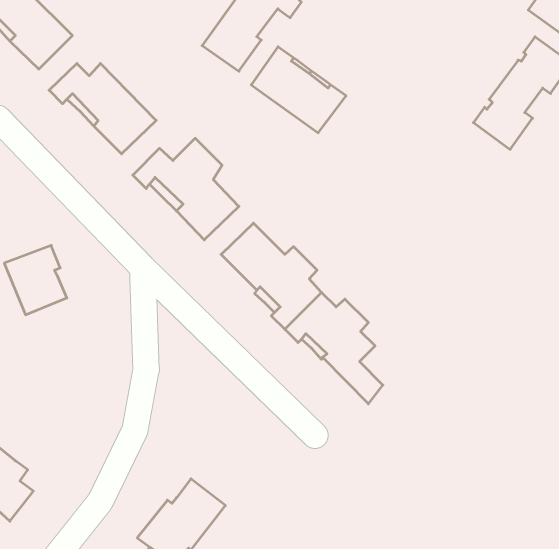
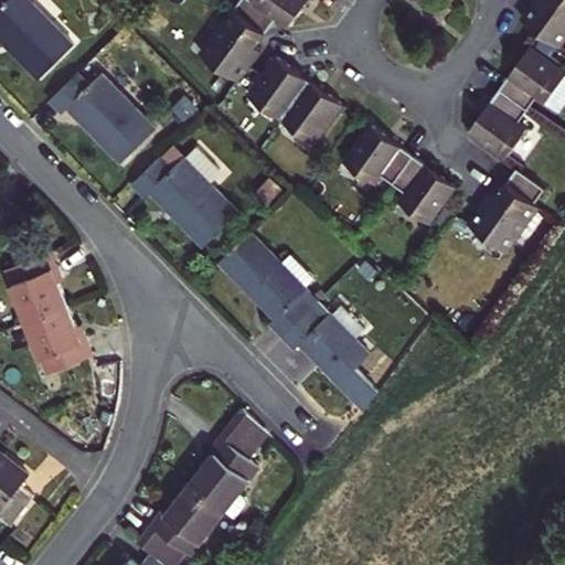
building: none -> [343,127,455,224]
building: none -> [469,171,544,253]
building: none -> [25,307,92,375]
building: none -> [189,407,267,520]

